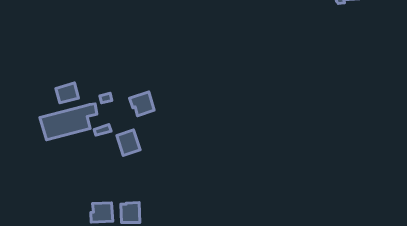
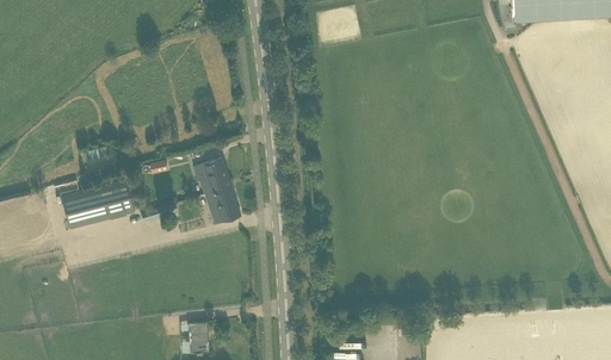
building: [117,130,140,155] -> [206,186,241,224]
building: [91,203,113,222] -> none

